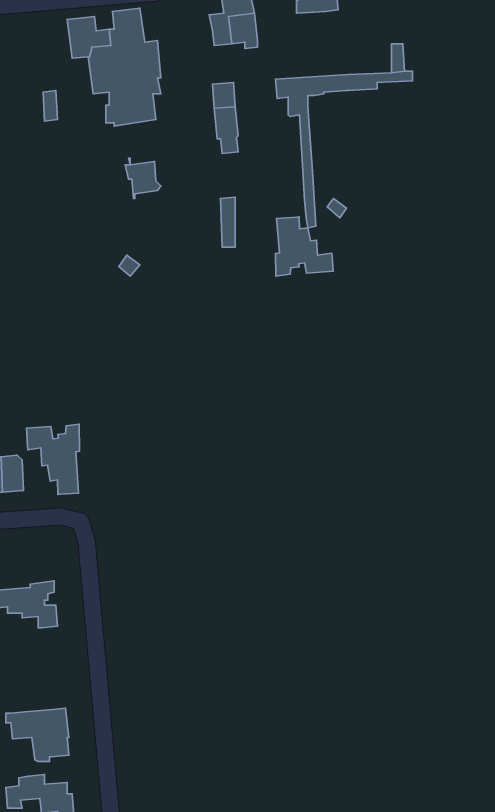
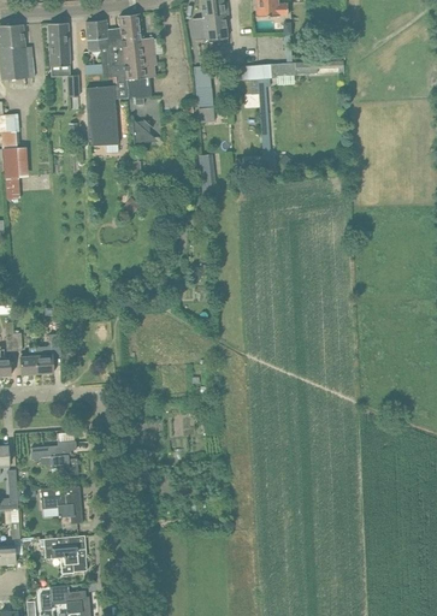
building: none -> [48,23,70,66]
building: none -> [87,85,122,150]
building: [275,217,333,276] -> none
building: [26,424,80,494] -> none
building: none -> [41,486,83,523]

